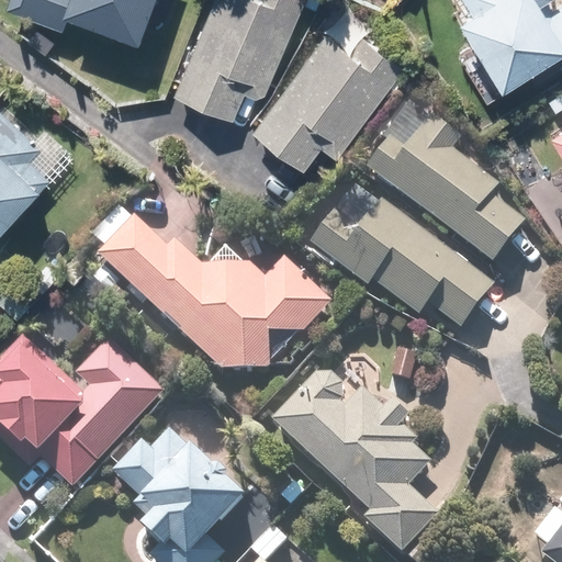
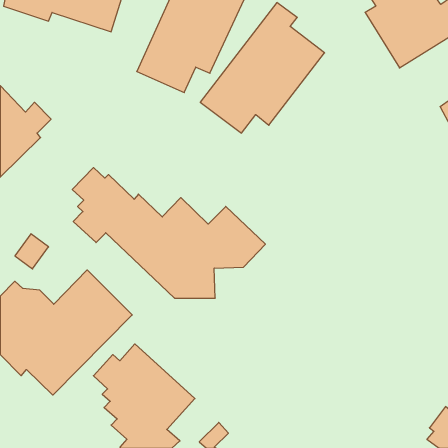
building: [367,100,526,265] -> none
building: [312,182,495,329] -> none
building: [272,367,439,551] -> none

